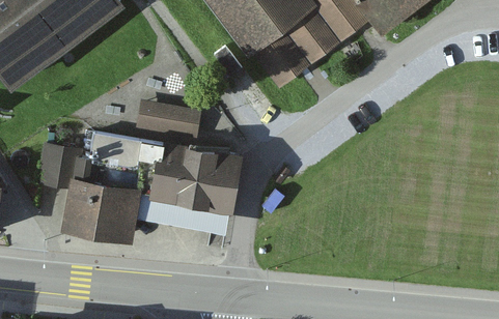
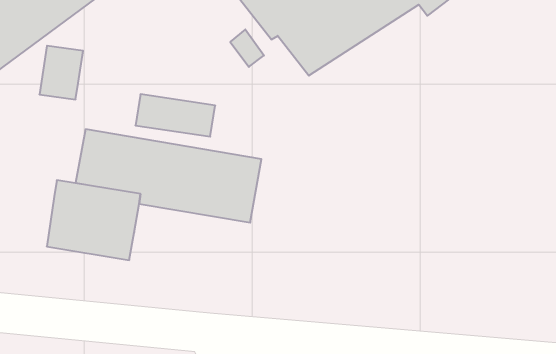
building: [38,142,75,186] -> [39,46,83,99]
building: [135,193,231,233] -> none

